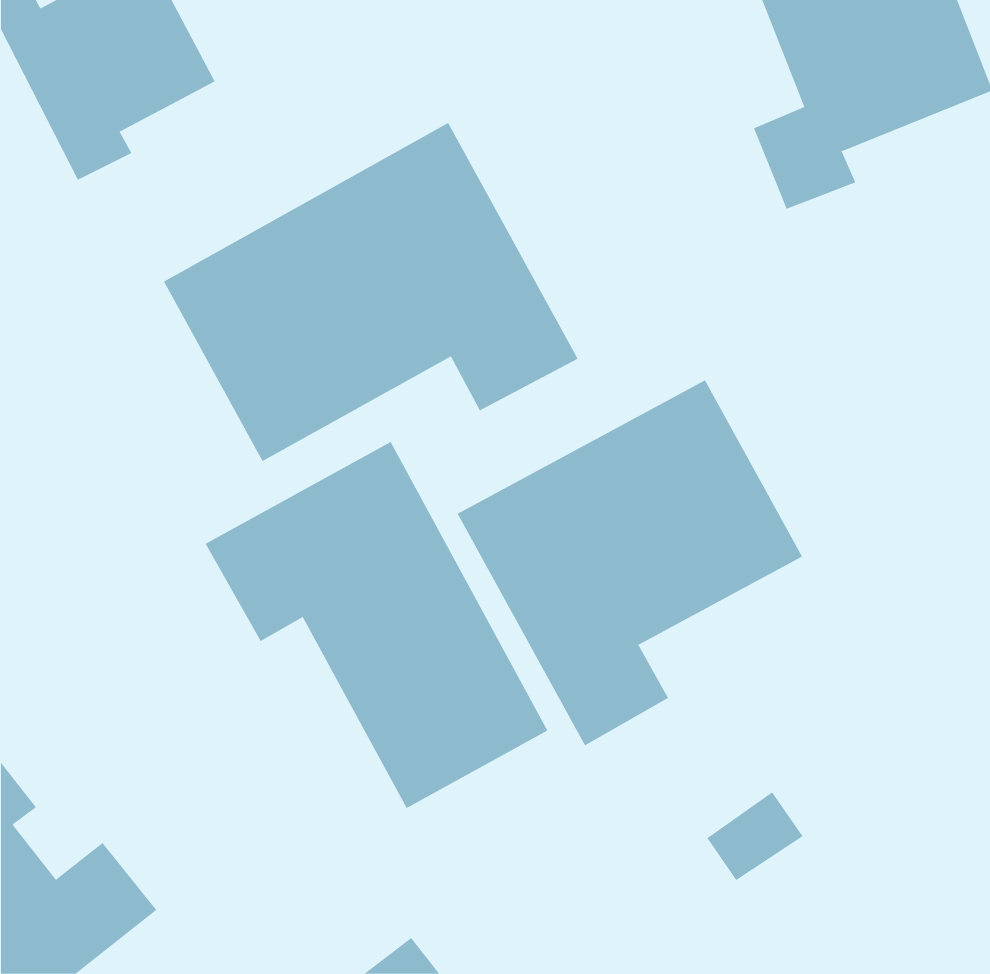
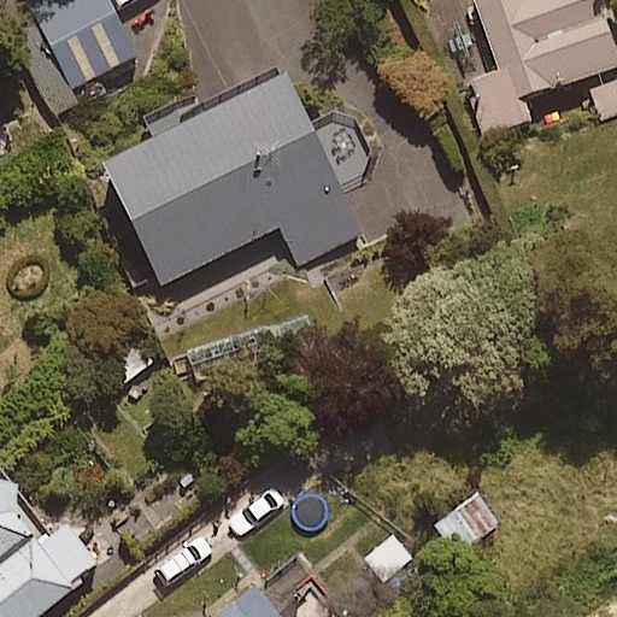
building: [457,379,803,746] -> none
building: [205,441,548,809] -> none

